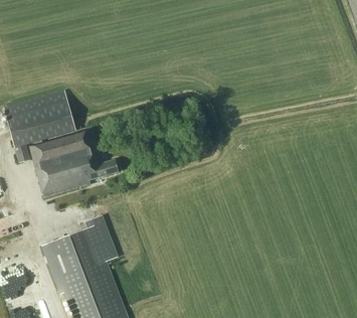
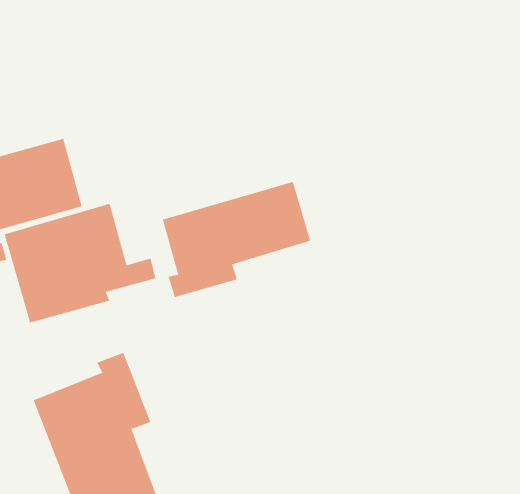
building: none -> [162,181,311,298]

